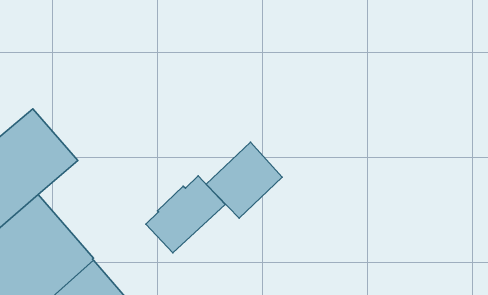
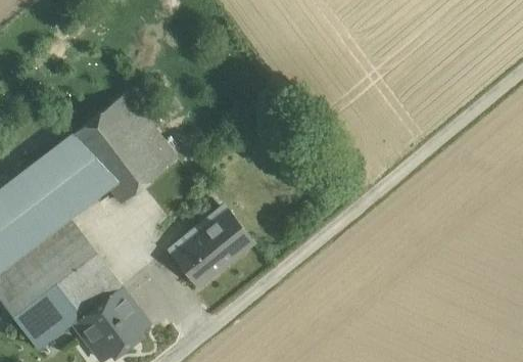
building: none -> [70,92,178,202]
building: [206,142,282,218] -> none

